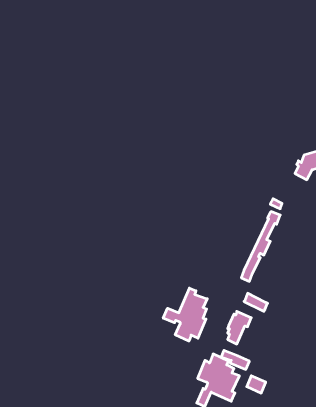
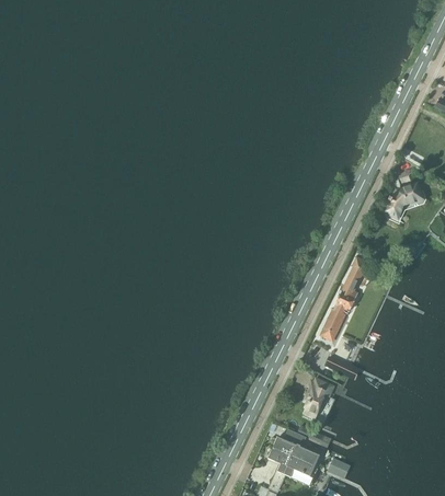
building: [163,288,207,341] -> none

